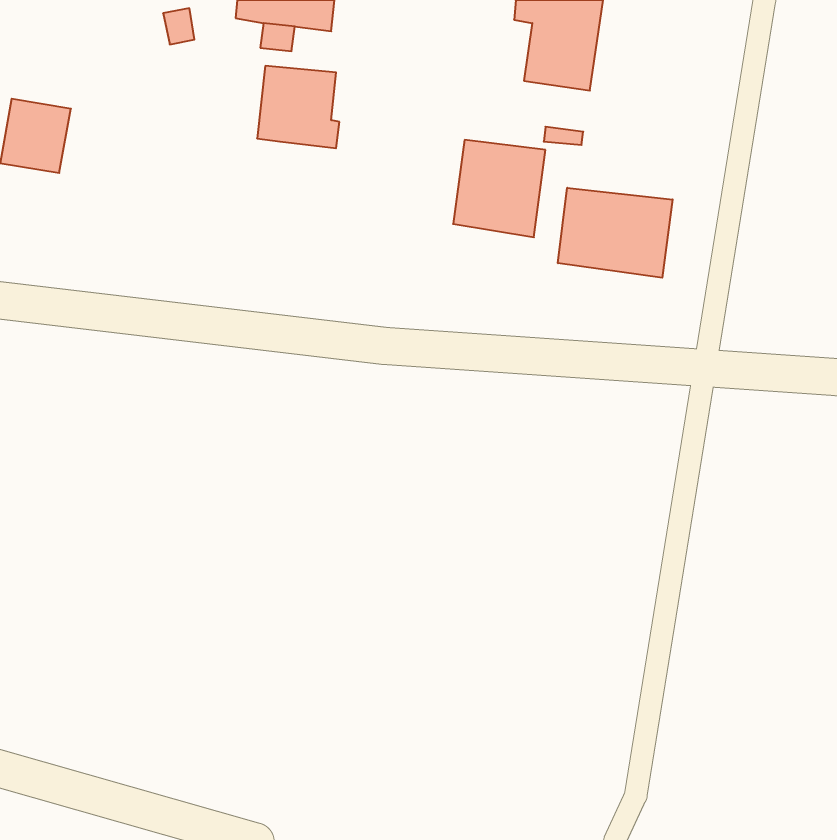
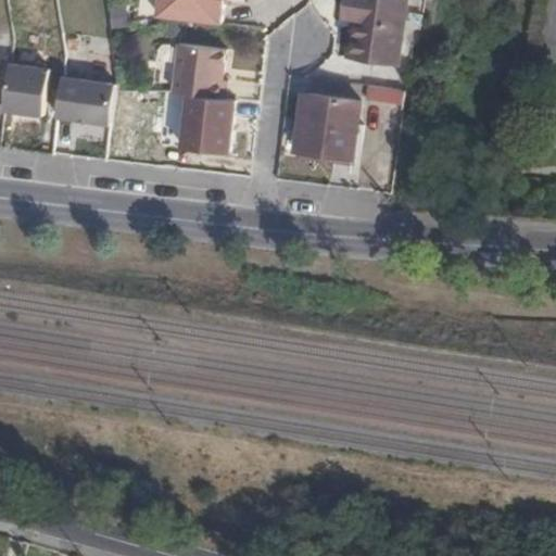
building: none -> [54,79,112,122]
building: none -> [179,94,232,151]
building: [558,188,673,278] -> none

